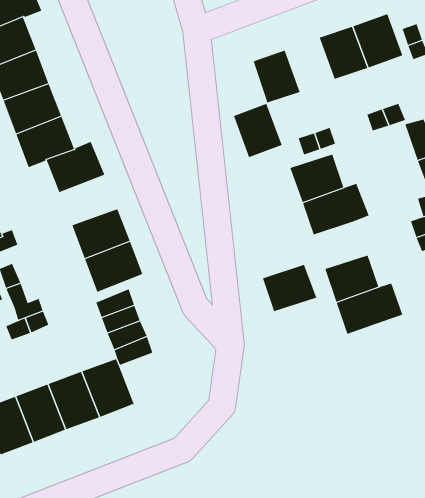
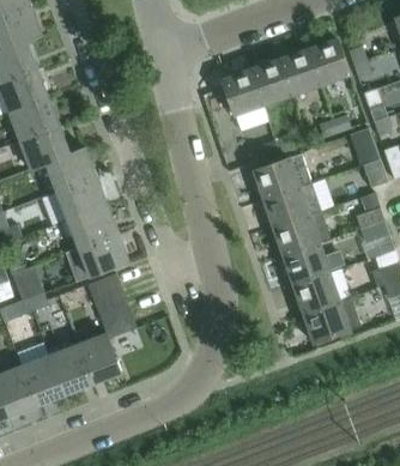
building: [233,103,282,158] -> [249,59,291,105]
building: none -> [56,176,107,219]
building: [262,264,317,312] -> [273,216,320,256]
building: none -> [302,299,349,343]

